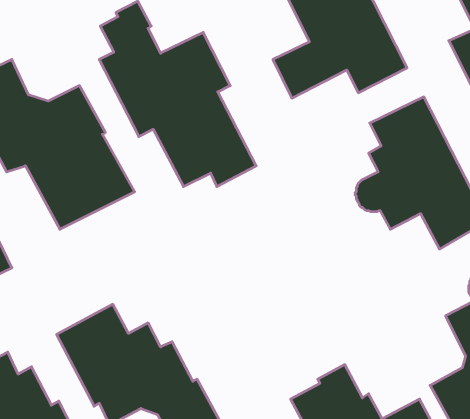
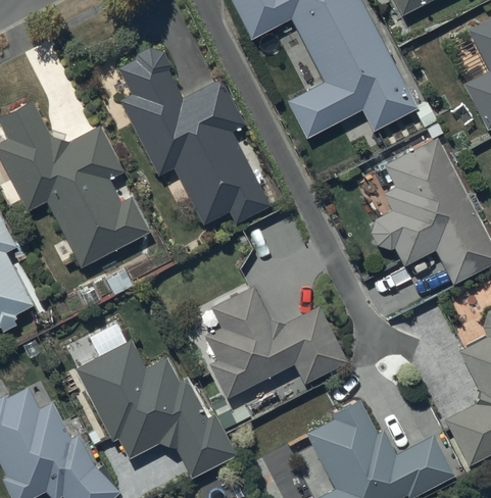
building: none -> [205,287,347,401]

